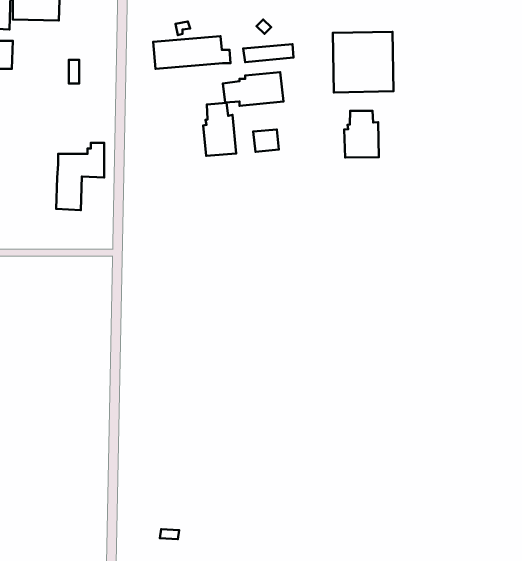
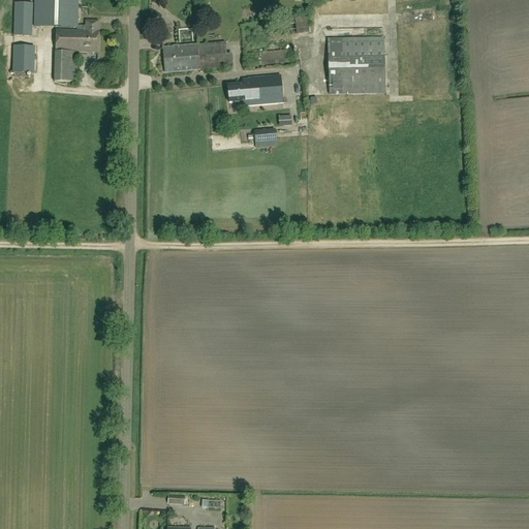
building: [203,103,236,156] -> none
building: [344,111,379,158] -> none
building: [56,143,104,210] -> [54,19,98,81]

